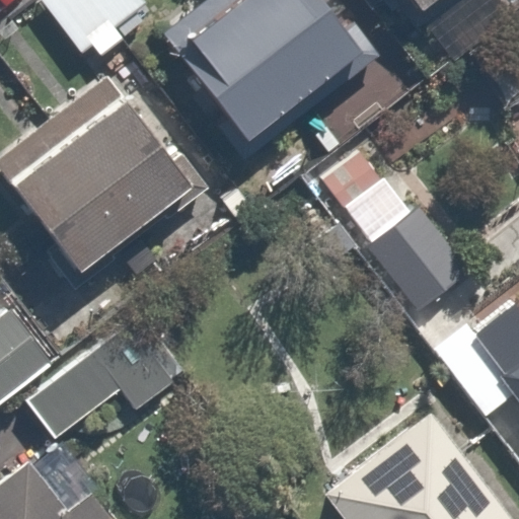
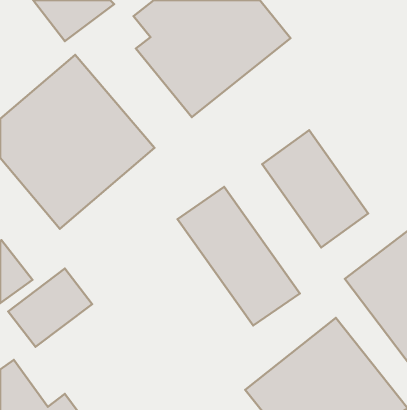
building: none -> [178,187,300,326]

